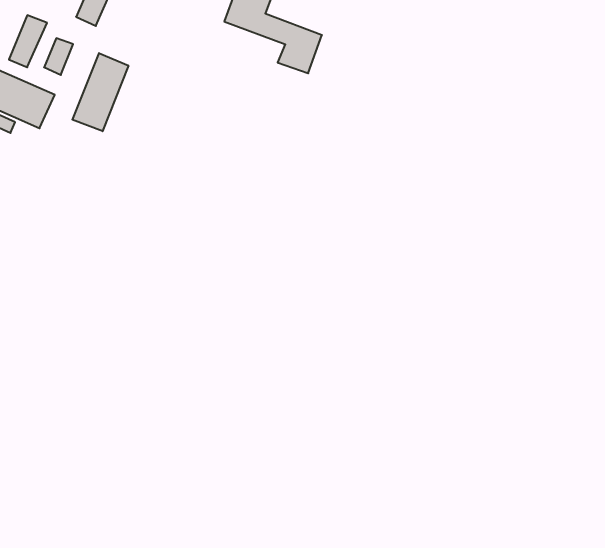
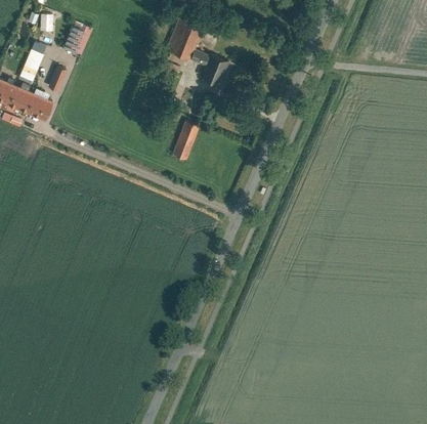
building: [72,53,128,131] -> none
building: none -> [172,120,201,158]

